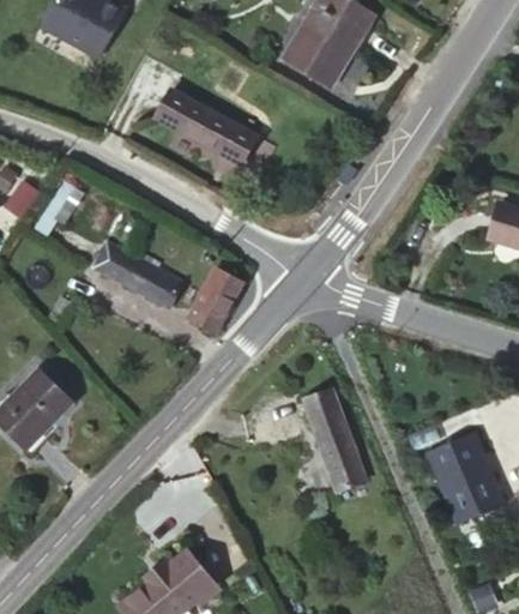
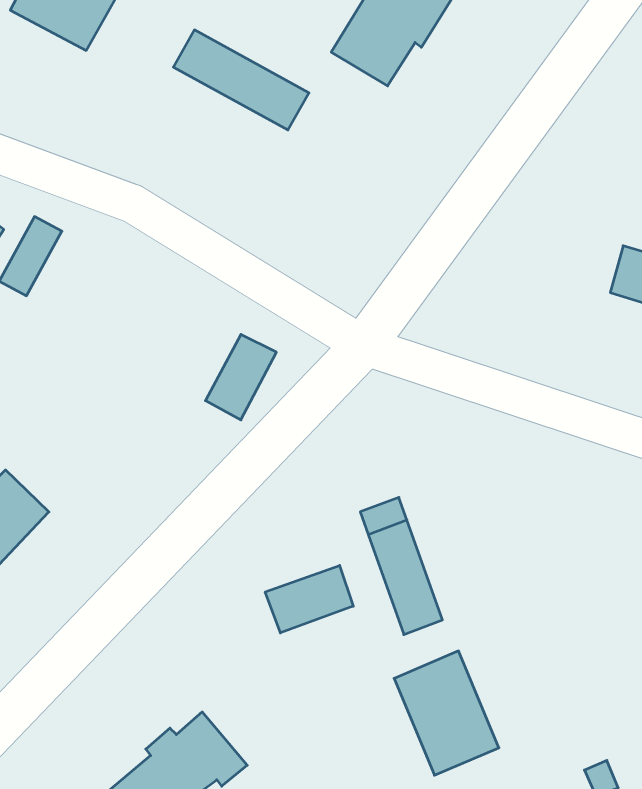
building: [155,90,255,164] -> [173,30,309,130]
building: [92,241,182,307] -> none
building: [426,432,503,524] -> [394,651,499,775]
building: none -> [265,565,353,633]

